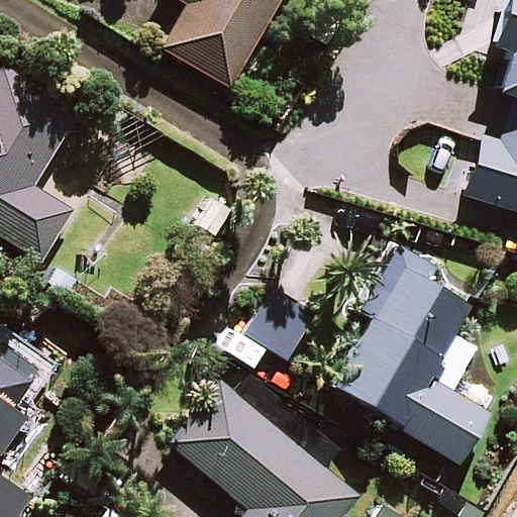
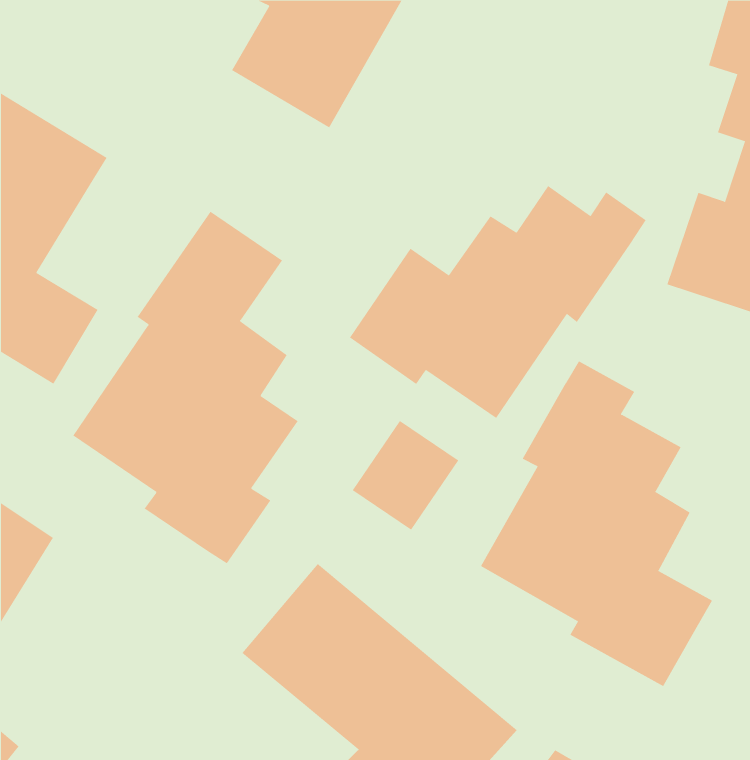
building: none -> [349,185,647,419]
building: none -> [72,211,299,564]

